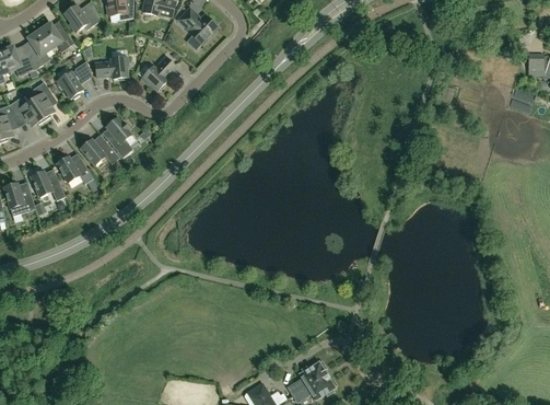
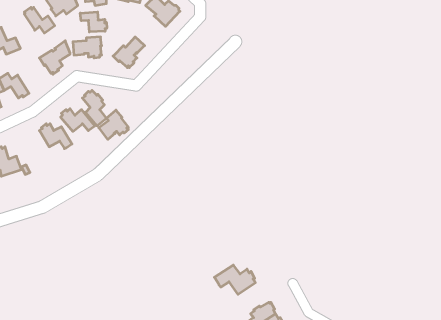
building: none -> [80,12,107,32]
building: [27,30,50,69] -> none
building: [31,81,54,120] -> none
building: none -> [99,110,128,139]
building: [30,170,65,200] -> none
building: none -> [214,265,255,294]

